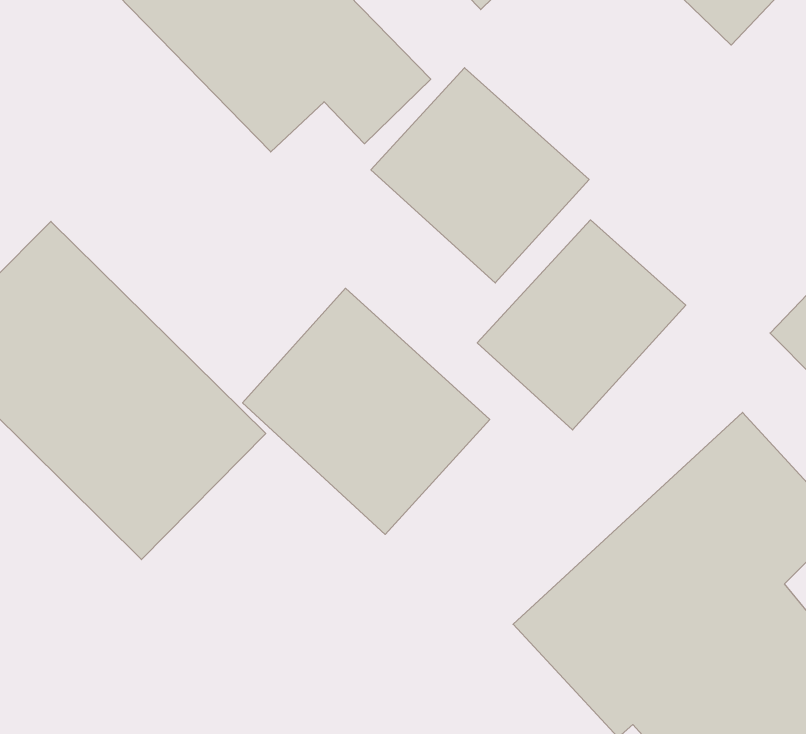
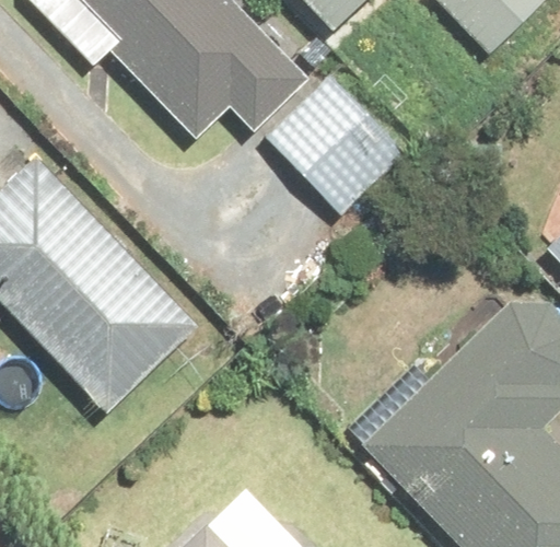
building: [477,220,686,430] -> none
building: [243,288,490,534] -> none

